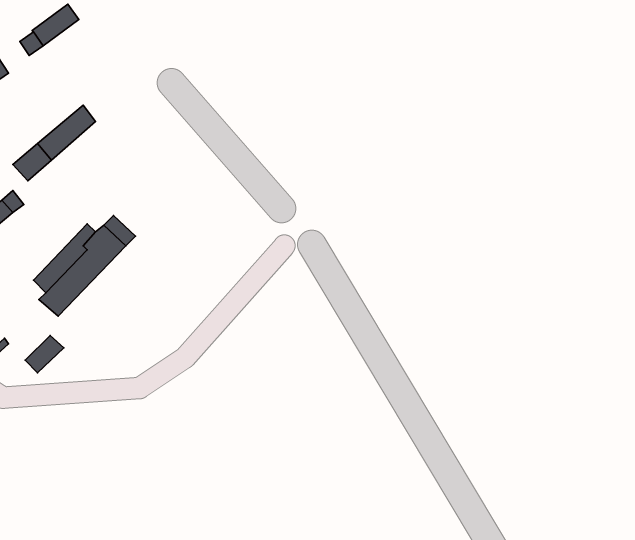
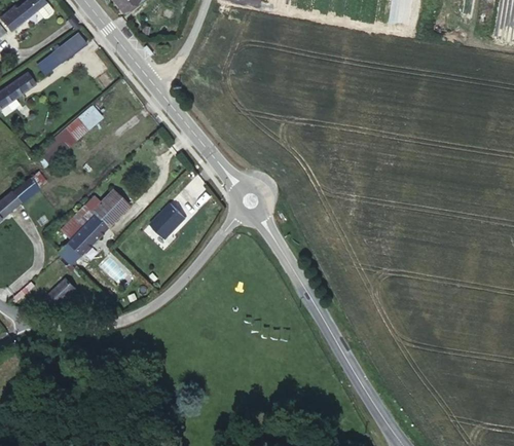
building: none -> [150,203,185,239]

